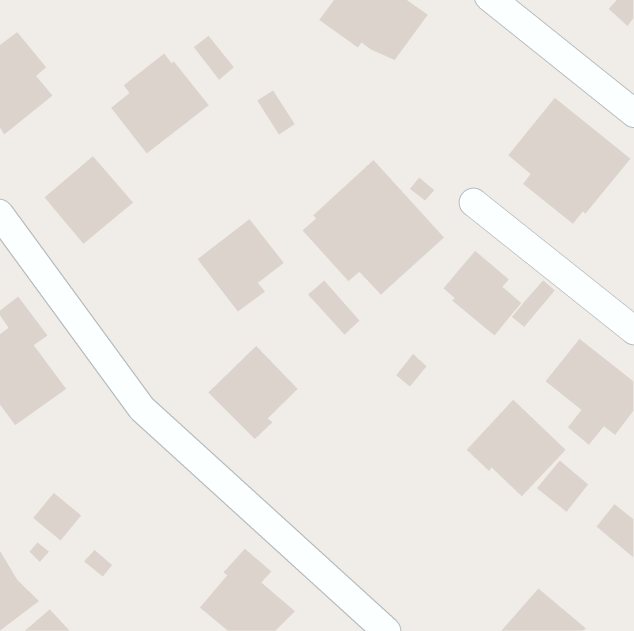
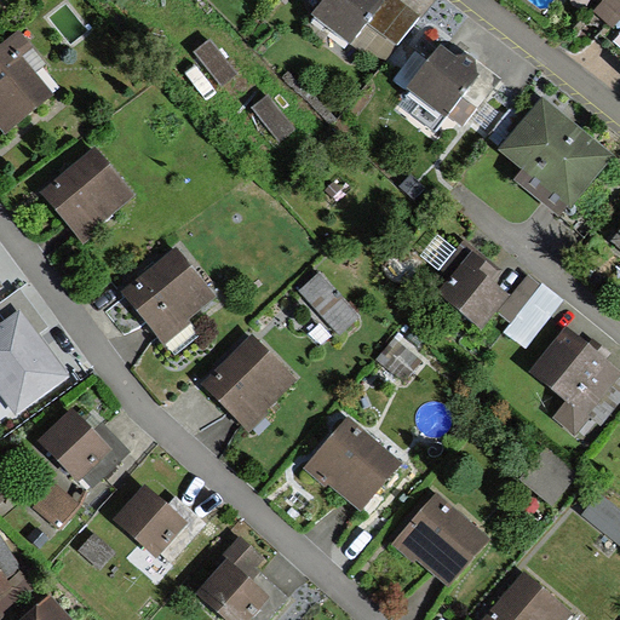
building: none -> [406,47,496,127]
building: [110,52,210,154] -> none
building: [302,159,445,296] -> none
building: [197,218,285,313] -> [124,251,209,343]
building: none -> [503,283,563,348]
building: [466,399,567,497] -> [391,493,489,589]
building: none -> [40,412,130,487]
building: none -> [303,417,401,511]
building: none -> [111,486,205,562]

